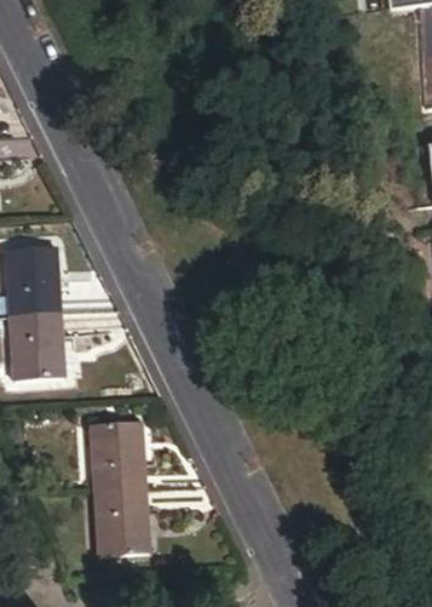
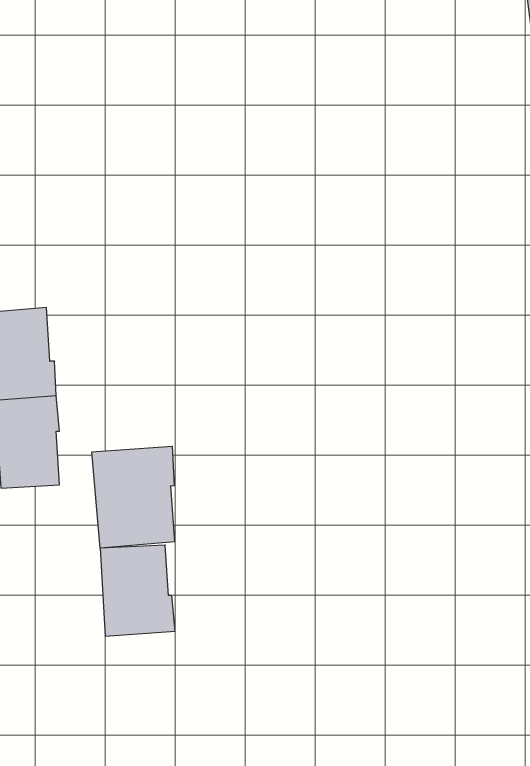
building: none -> [92,446,175,548]
building: [94,486,148,554] -> none

